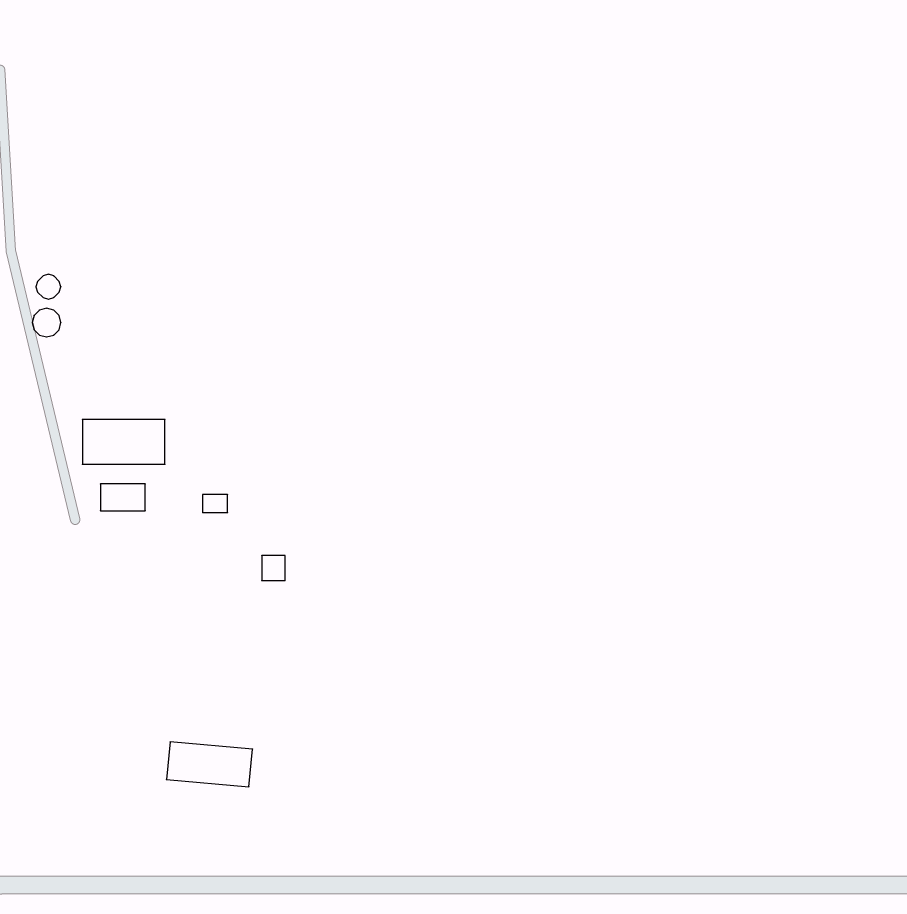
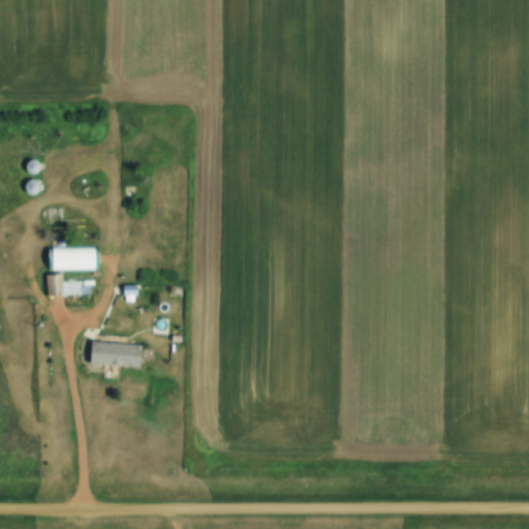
building: [166,742,253,787] -> [90,344,139,370]

